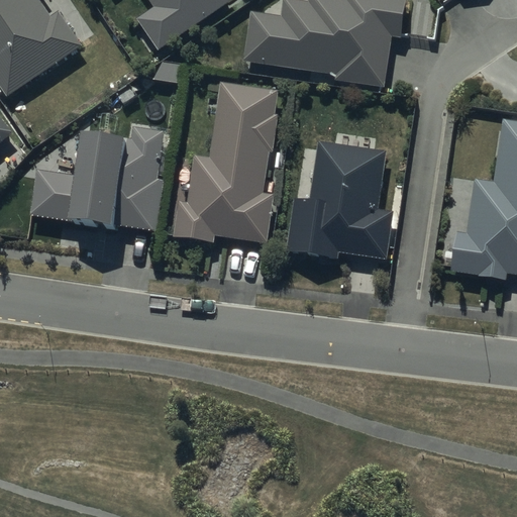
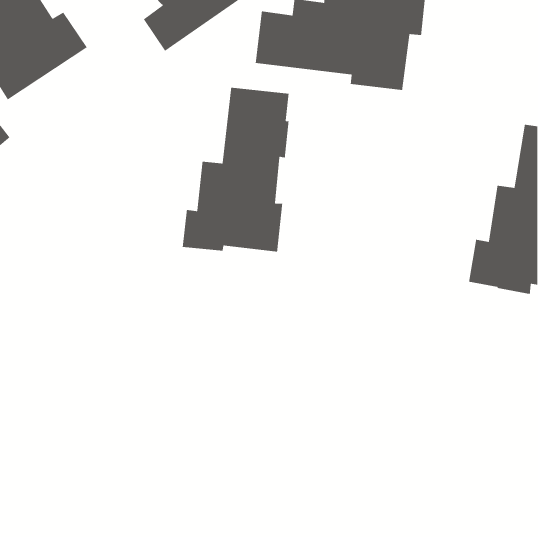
building: [29,124,163,229] -> none
building: [286,140,393,257] -> none

